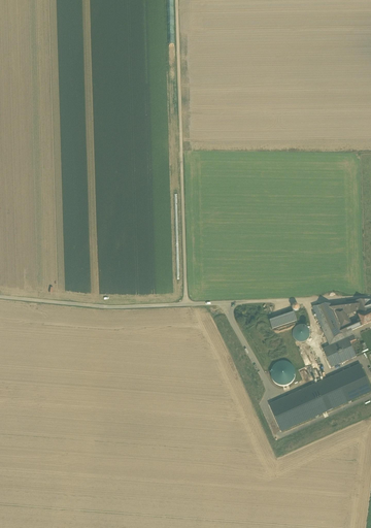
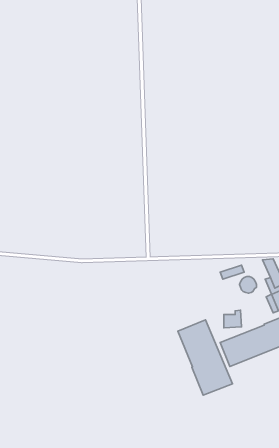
building: none -> [178,320,232,395]

